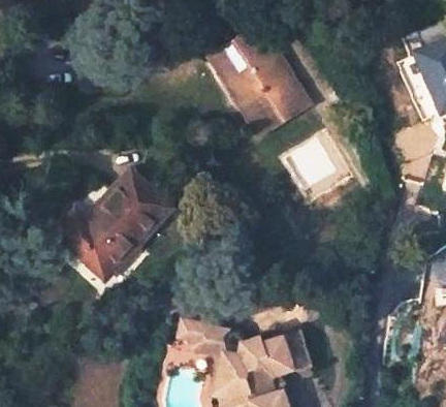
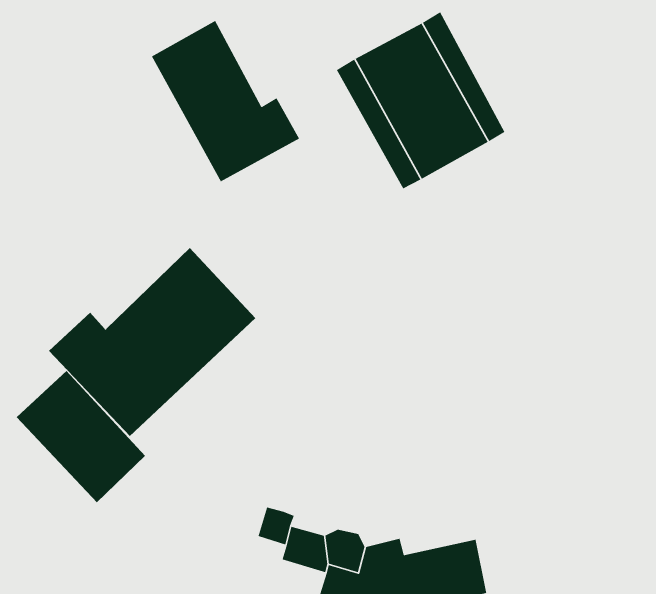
building: none -> [151,20,300,183]
building: none -> [16,370,146,503]

